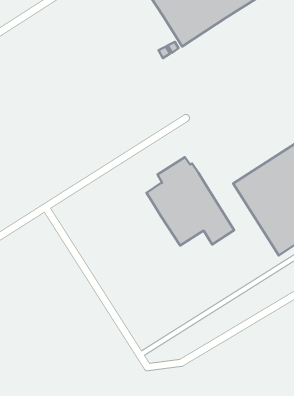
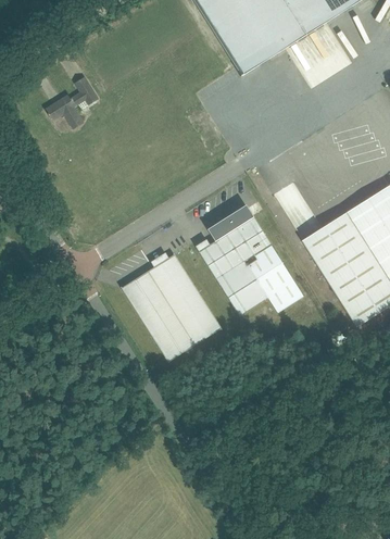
building: none -> [46,76,97,127]
building: none -> [121,252,222,360]

